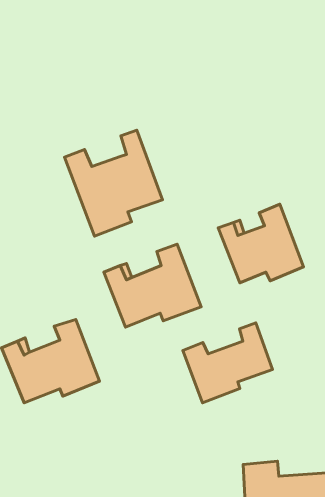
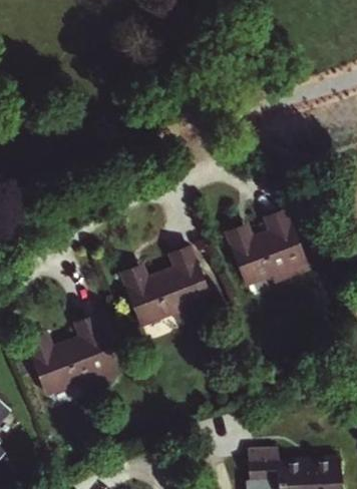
building: [65,130,163,236] -> none
building: [183,323,273,403] -> none

